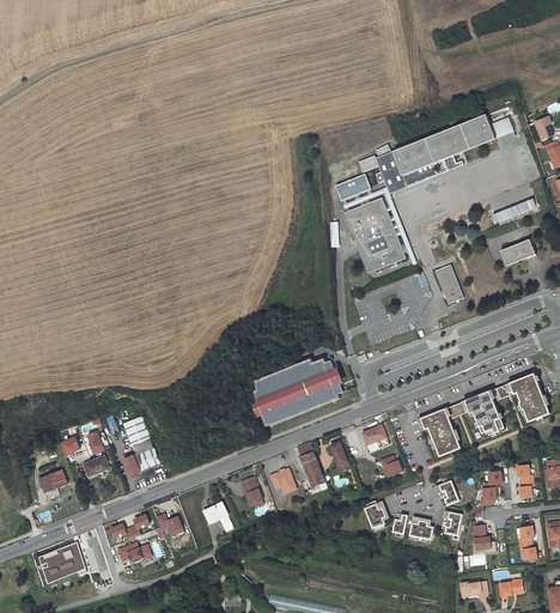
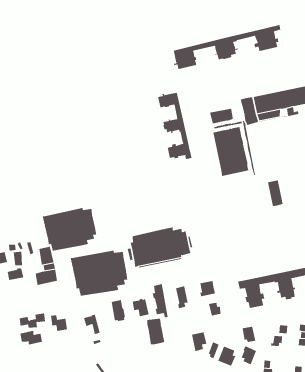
building: none -> [173,24,281,70]
building: none -> [158,92,192,160]
building: none -> [42,207,97,251]
building: none -> [70,250,128,296]
building: none -> [146,318,165,345]

